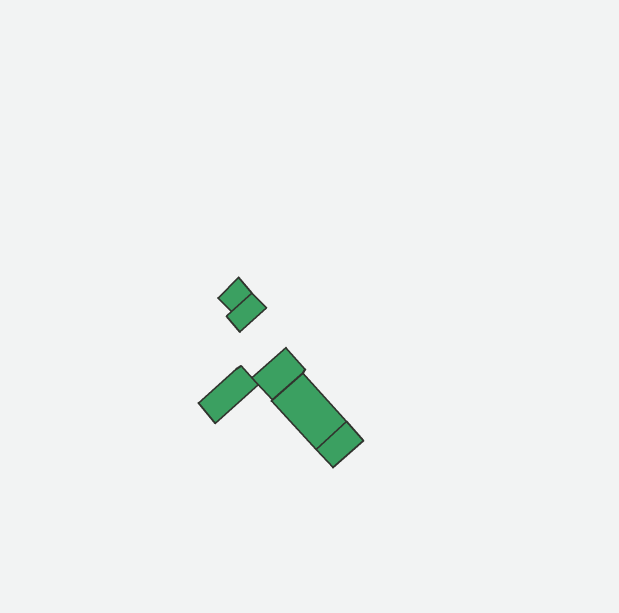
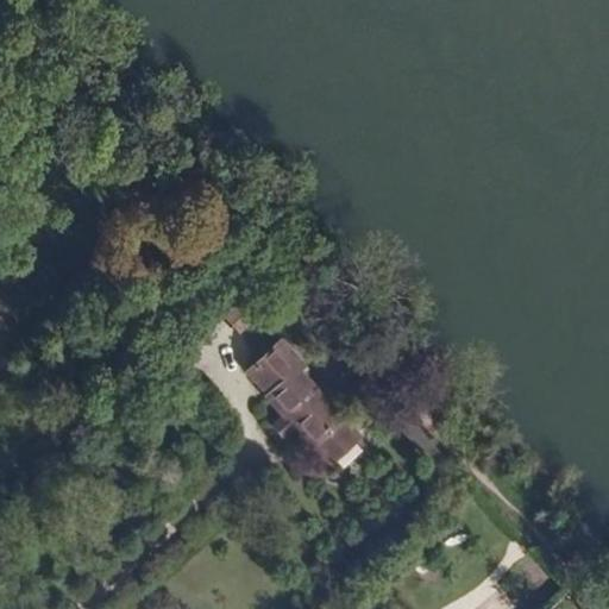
building: [198,366,258,423] -> none

